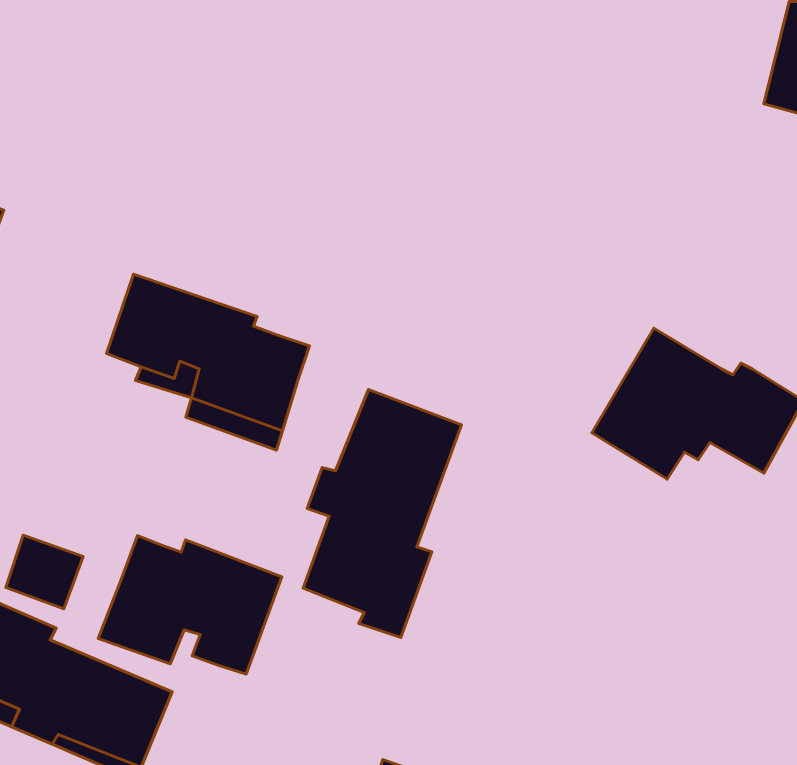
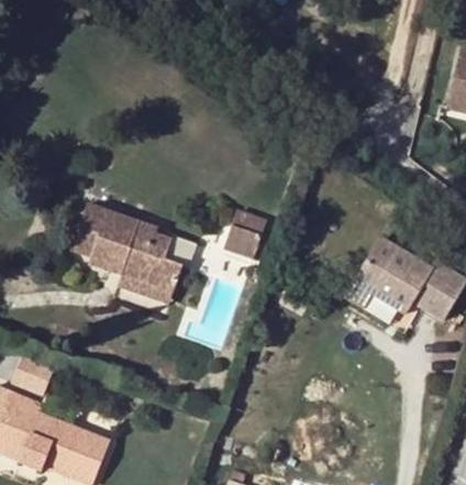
building: none -> [220,207,265,257]
building: [303,389,461,637] -> none
building: [98,535,282,674] -> none

